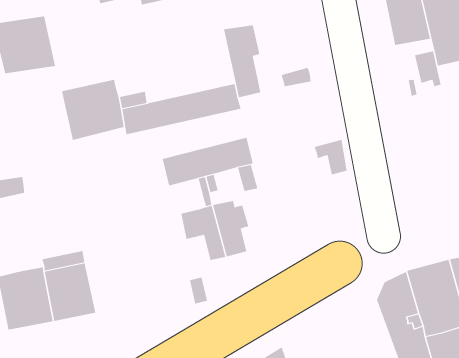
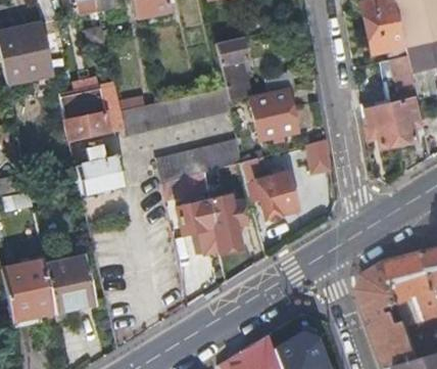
building: none -> [247,93,296,142]
building: none -> [362,97,416,150]
building: none -> [76,146,126,192]
building: none -> [253,172,295,219]

